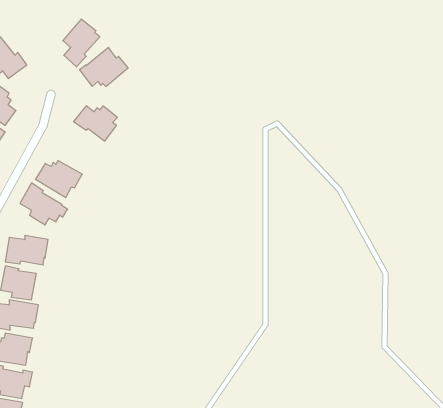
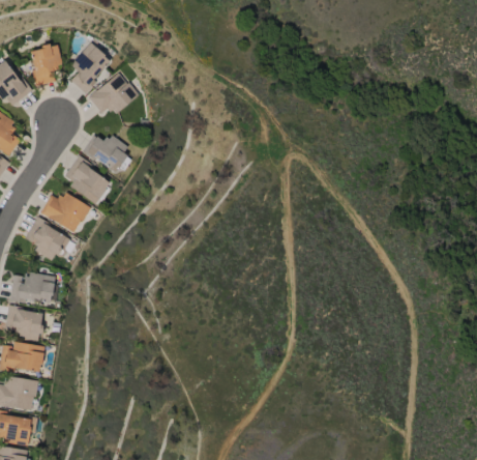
building: none -> [30,44,62,86]
building: none -> [65,155,111,205]

